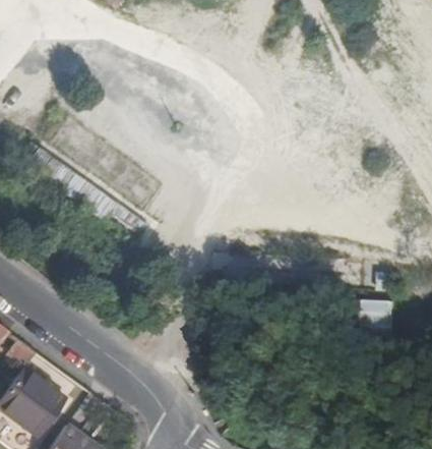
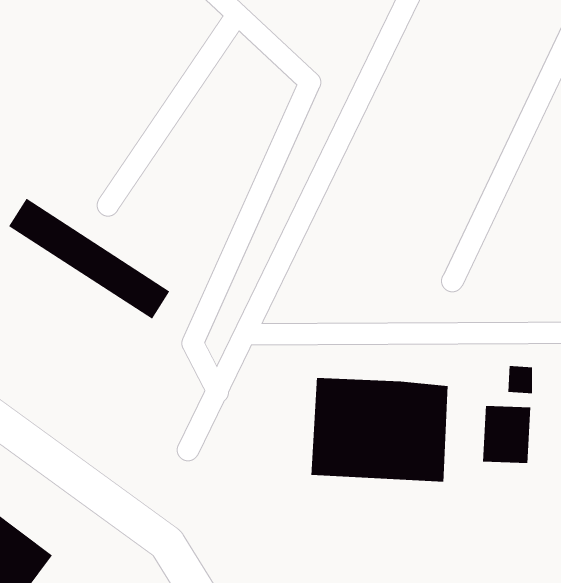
building: none -> [311,377,448,482]

